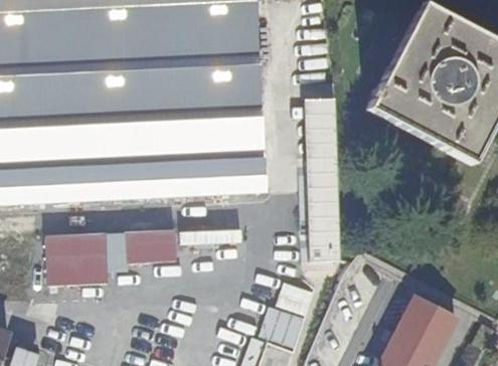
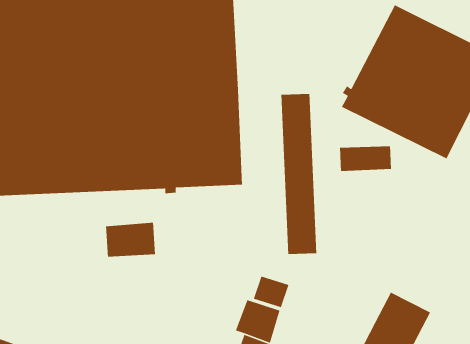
building: none -> [339,146,392,172]
building: [45,231,109,287] -> none

